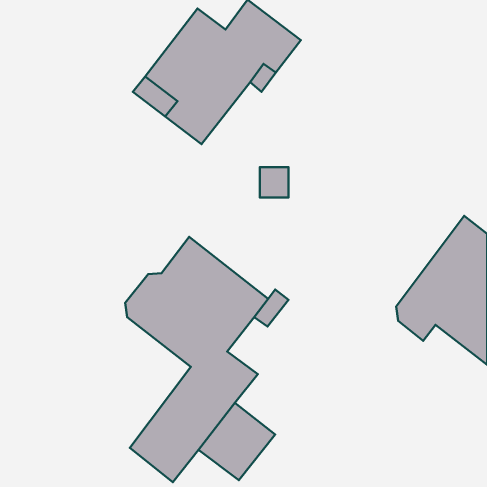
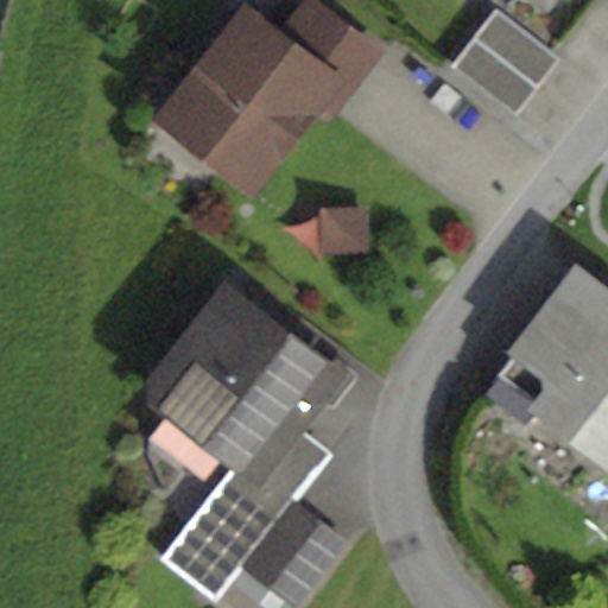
building: none -> [452,10,551,109]

